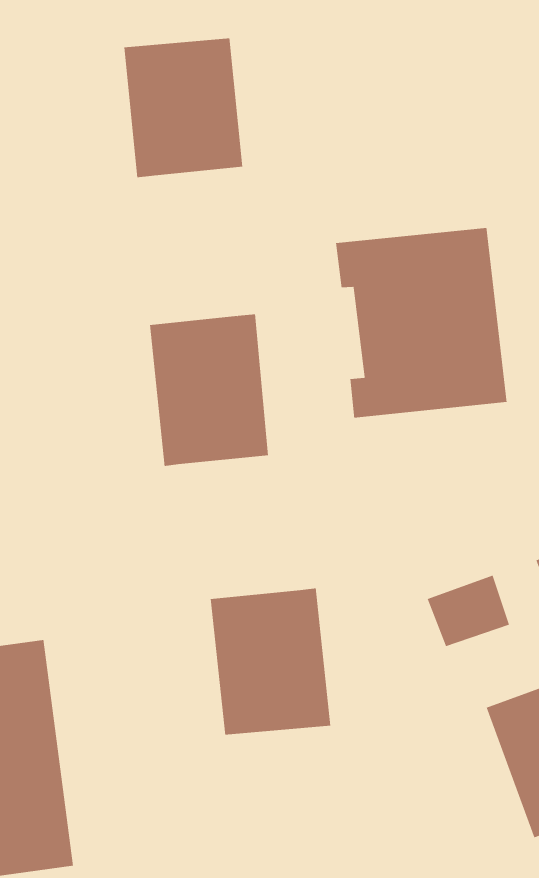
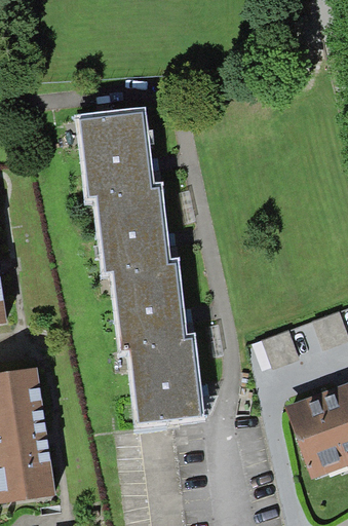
building: [123,38,243,178] -> [81,114,148,192]
building: [335,227,507,419] -> none
building: none -> [115,263,183,345]

